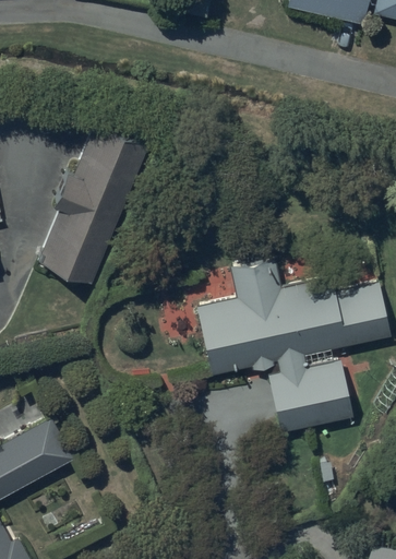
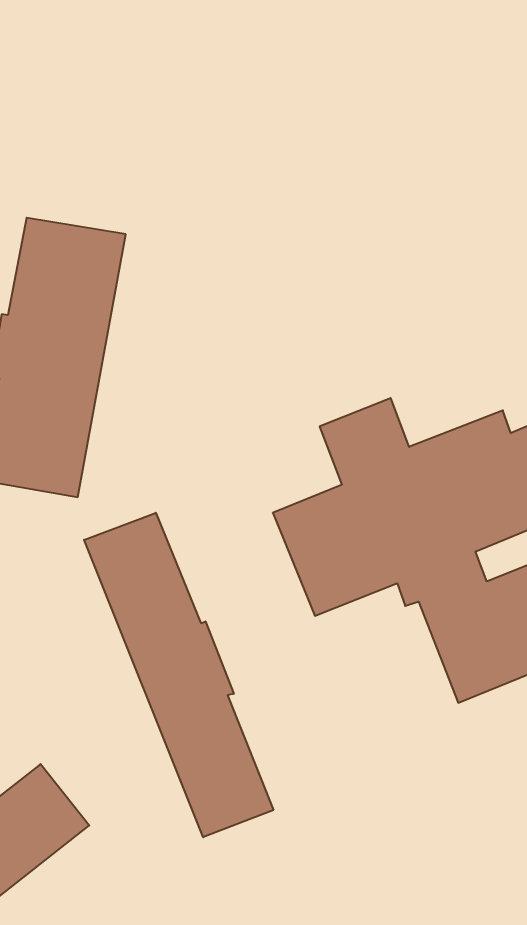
building: none -> [84,513,273,837]

